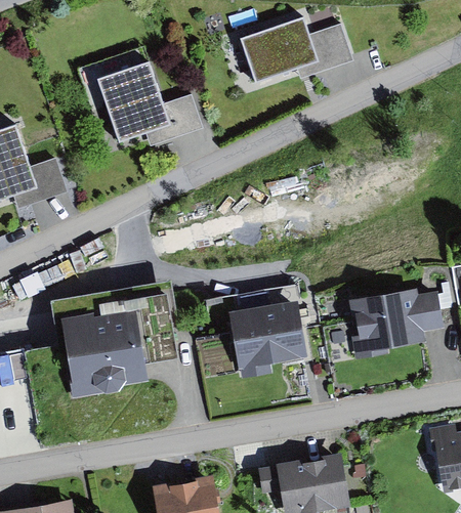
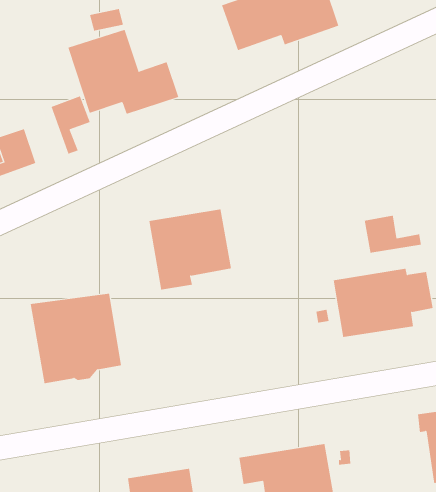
building: none -> [51,96,91,154]
building: none -> [364,215,421,253]
building: [229,301,308,378] -> [149,209,232,290]

